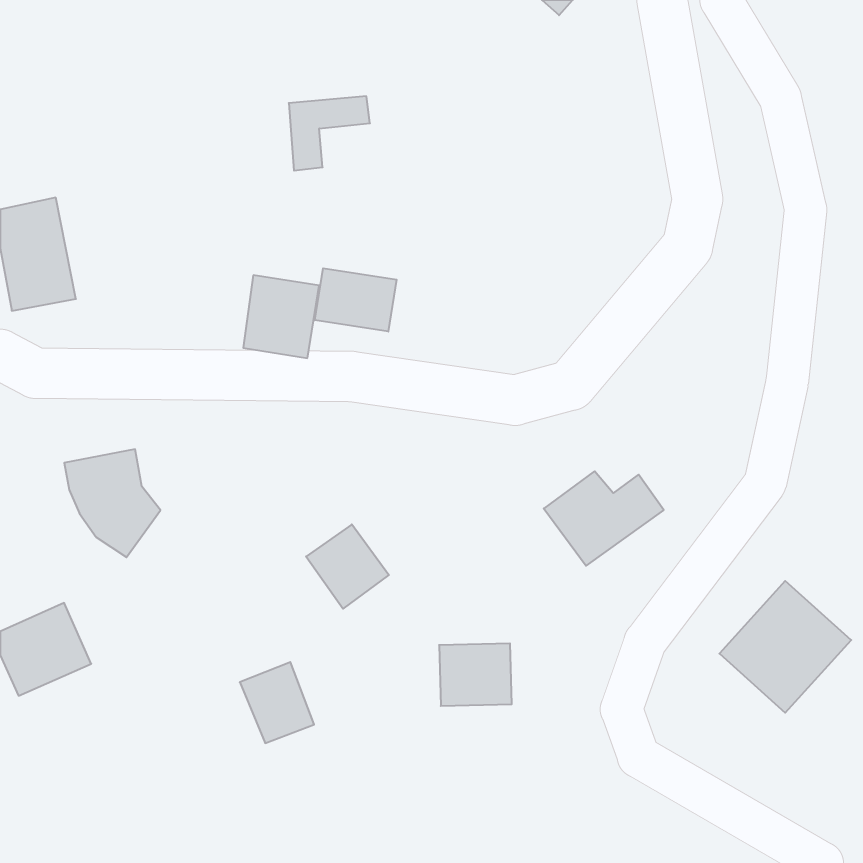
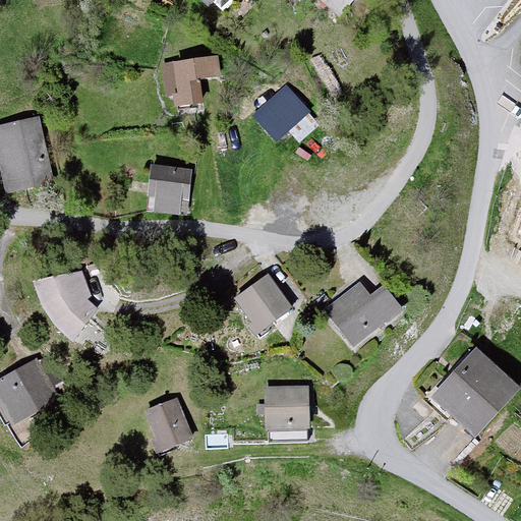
building: none -> [256,89,306,137]
building: [315,268,397,332] -> none
building: [306,524,389,609] -> [238,278,288,329]

